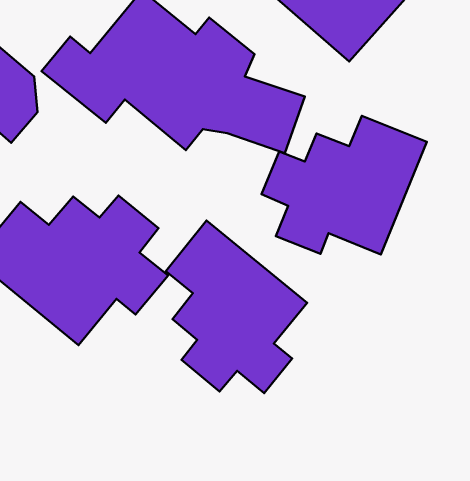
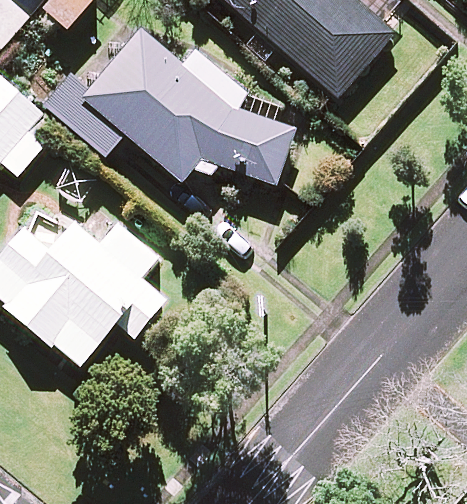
building: [262,116,427,255] -> none
building: [166,220,307,393] -> none

